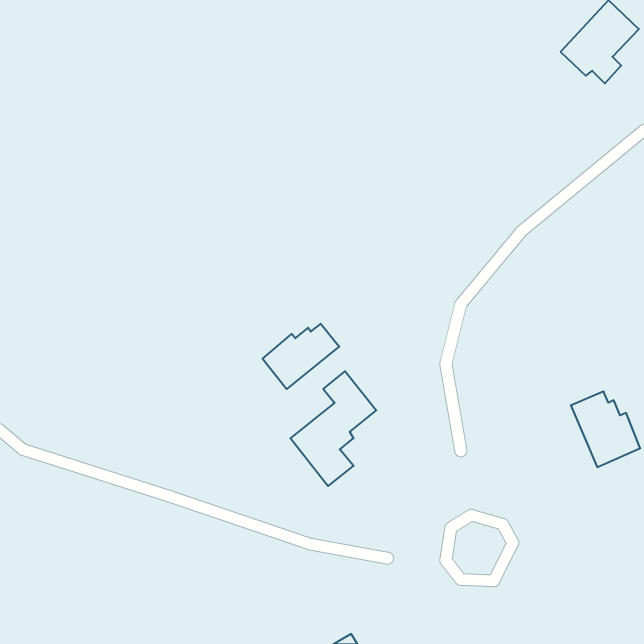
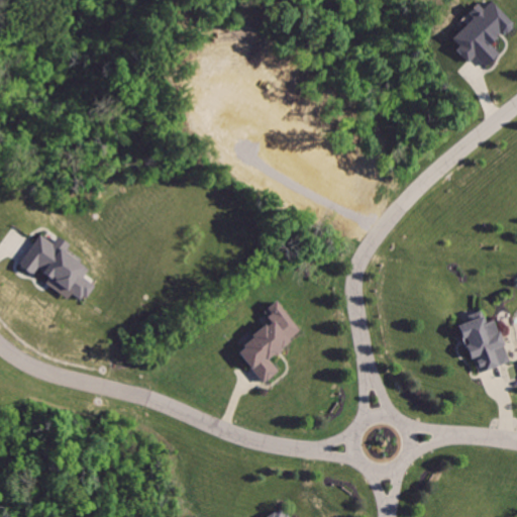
building: none -> [16,234,92,302]
building: [263,324,339,389] -> none

